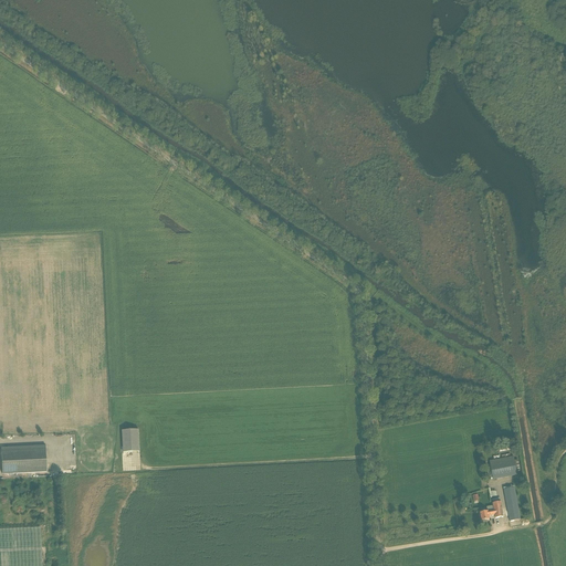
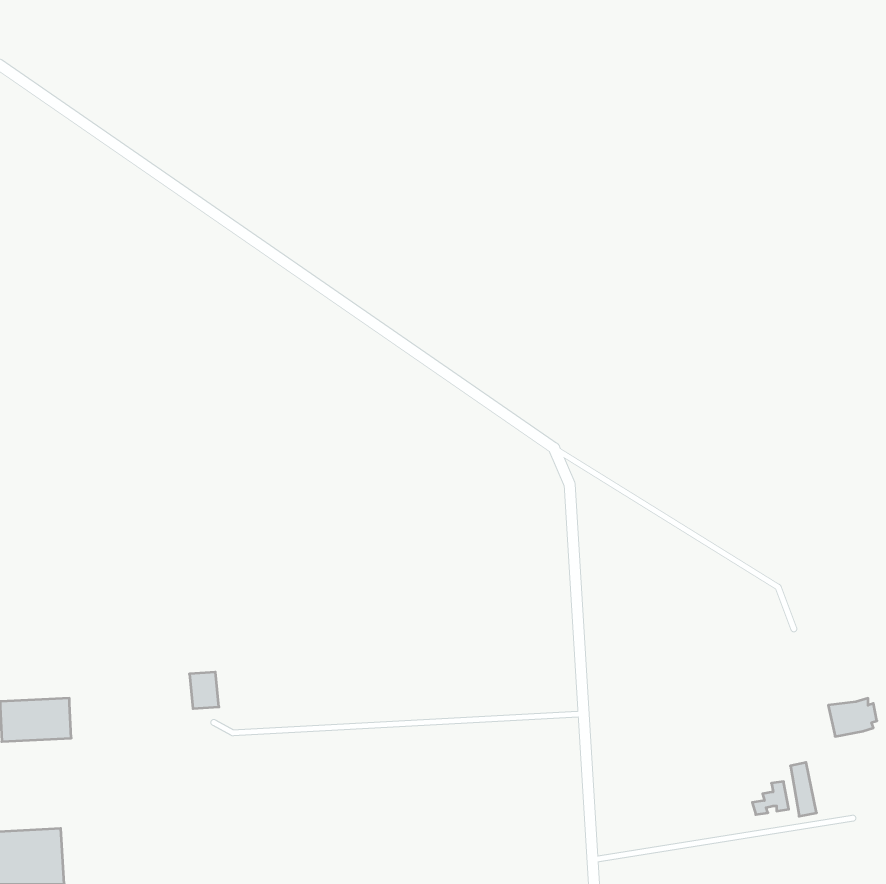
building: [488,454,518,479] -> [828,698,877,736]

